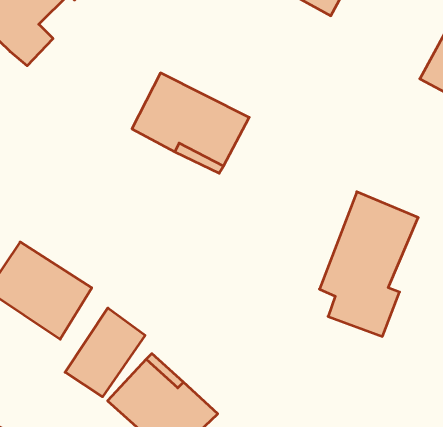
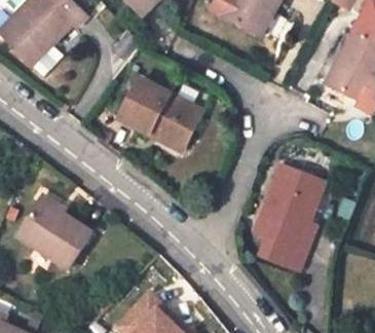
building: [65,308,145,397] -> none

